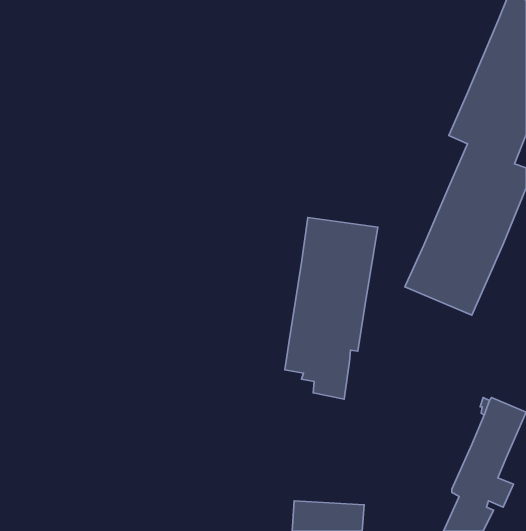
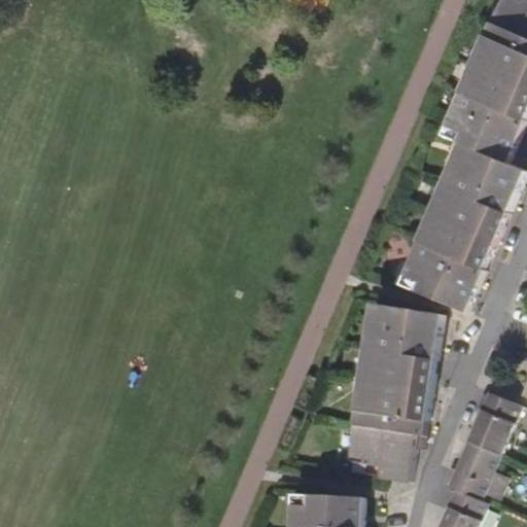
building: [285,218,378,399] -> [349,304,441,483]

